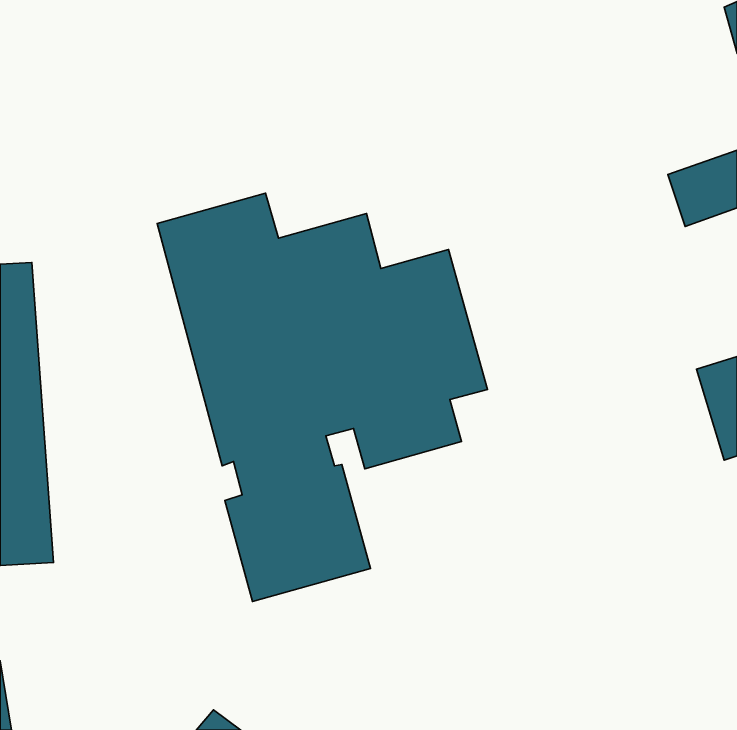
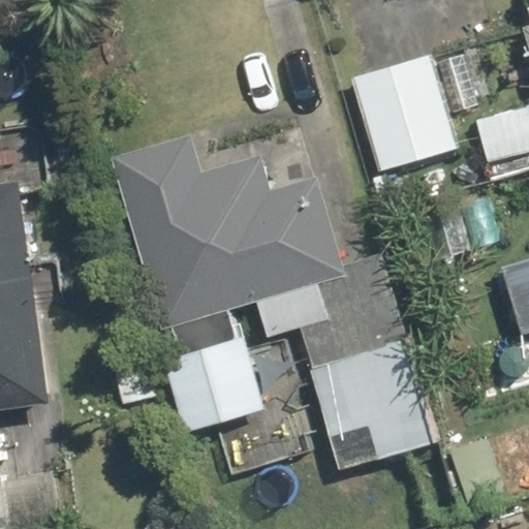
building: none -> [350,53,461,170]
building: none -> [310,339,438,470]

